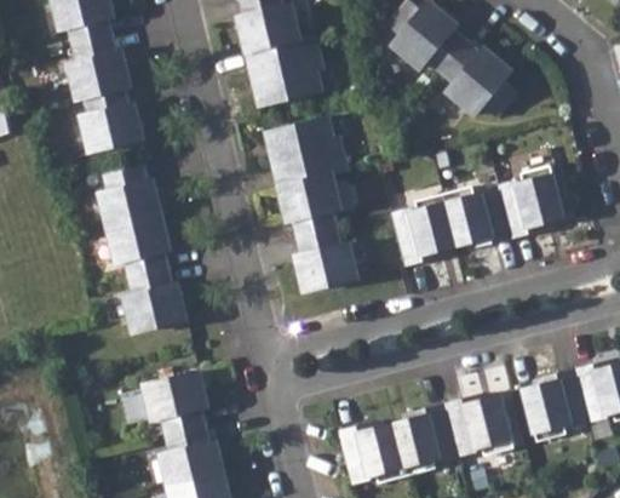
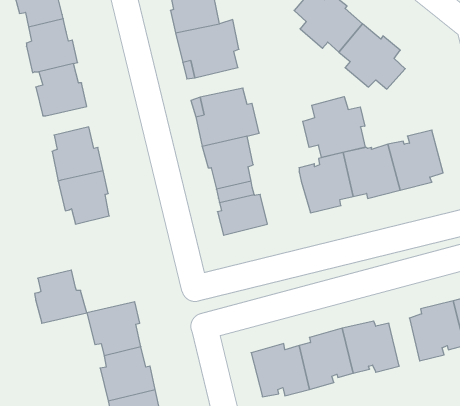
building: none -> [303,97,365,158]
building: [125,269,186,332] -> [35,270,87,323]

